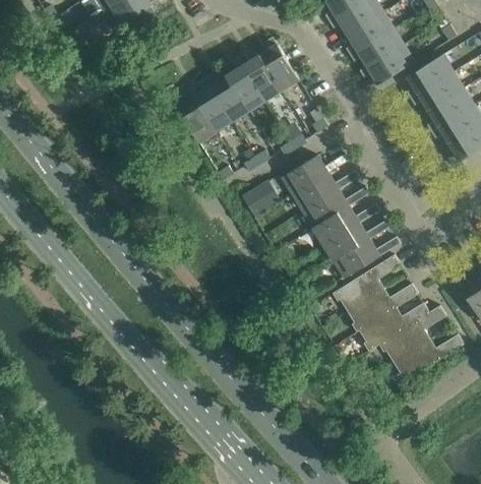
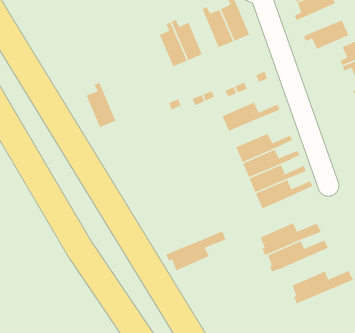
building: [351,26,404,65] -> none
building: [227,57,265,110] -> none
building: [176,87,217,141] -> [85,82,117,128]
building: [293,170,359,210] -> none
building: [242,180,281,217] -> none
building: [333,254,401,310] -> [165,231,226,272]
building: [379,304,446,360] -> none

